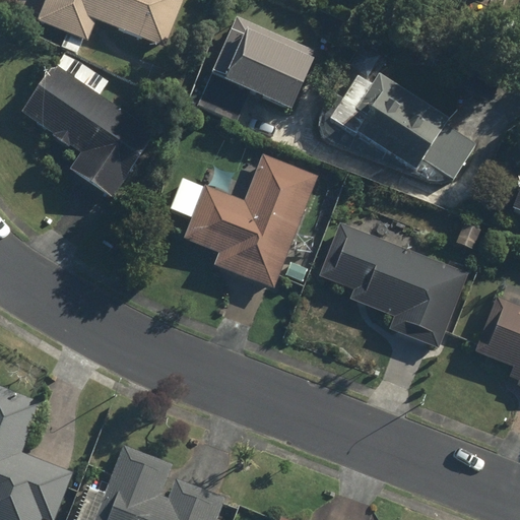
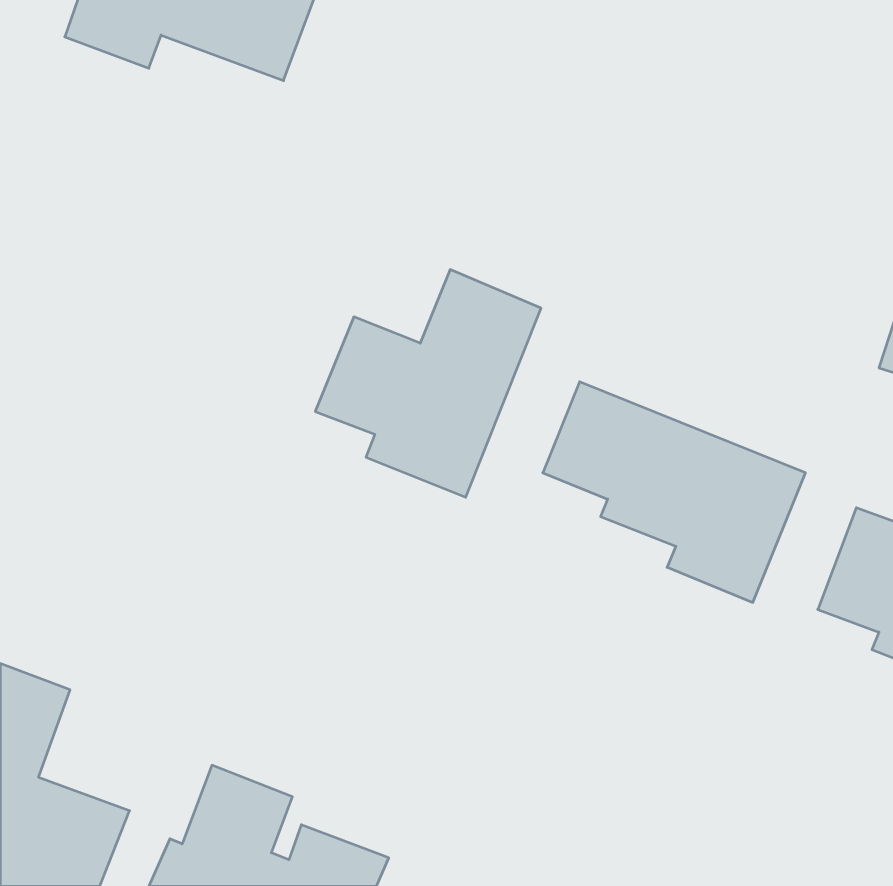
building: [195,14,317,123] -> none
building: [22,51,153,197] -> none
building: [329,64,476,180] -> none

